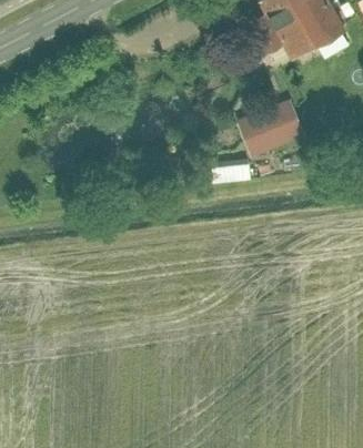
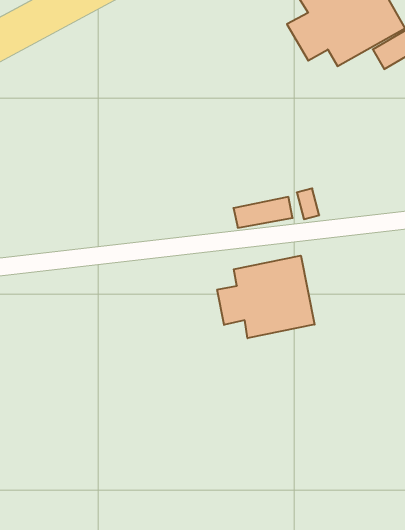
building: [239,95,302,149] -> none
building: none -> [217,256,315,338]

